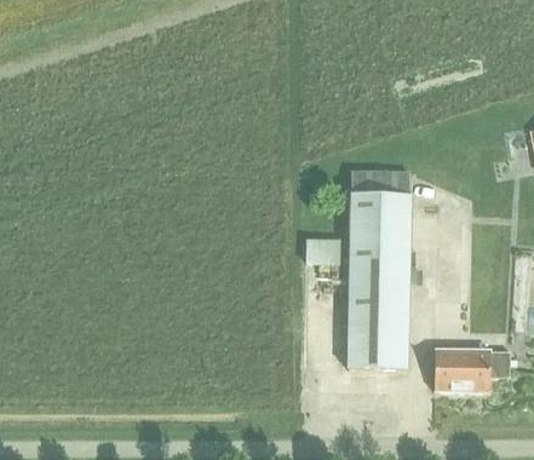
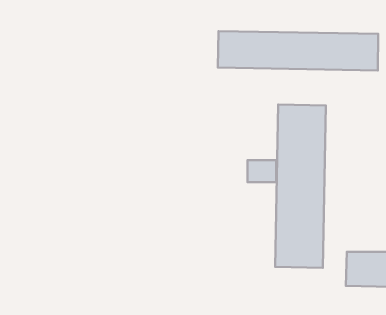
building: none -> [218,31,378,71]

